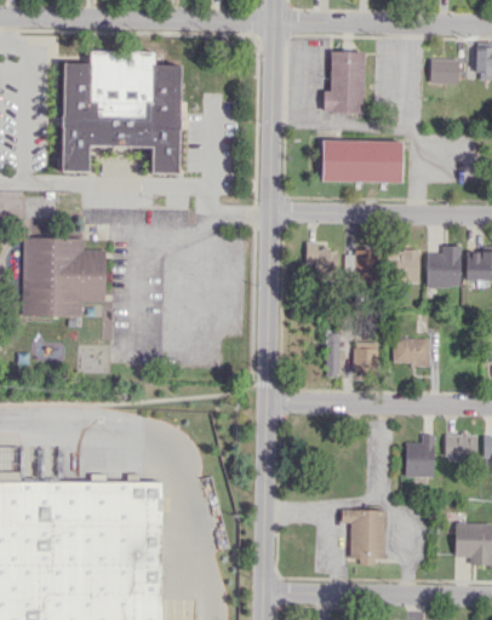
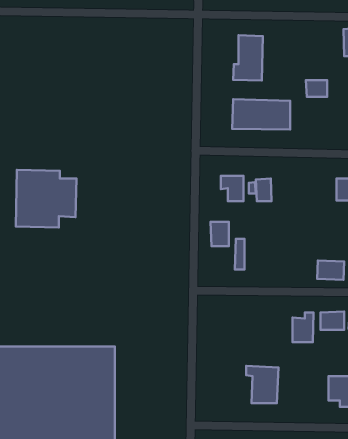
building: [63,51,181,173] -> none
building: [430,59,459,82] -> [306,80,327,97]
building: [427,246,462,287] -> none
building: [389,252,419,282] -> none
building: [393,338,430,364] -> [317,260,344,280]
building: [353,343,378,377] -> [211,222,229,246]

